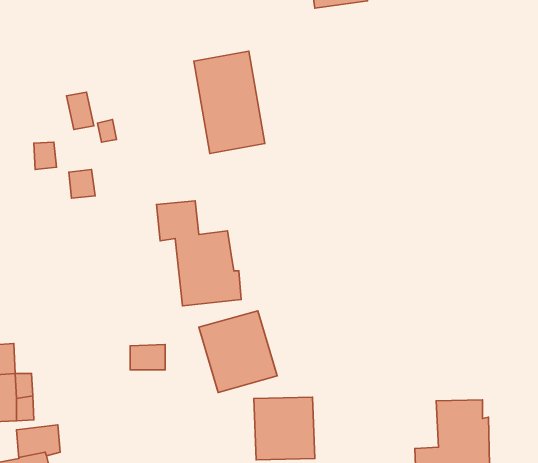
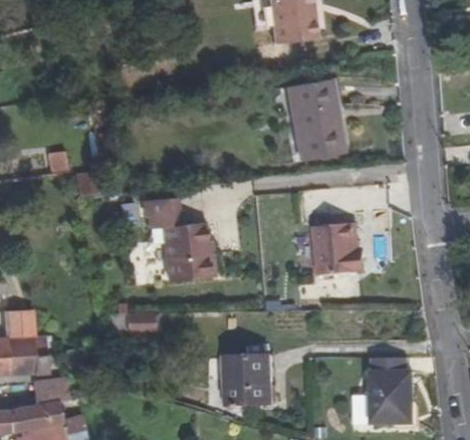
building: [194,51,265,154] -> [285,79,342,162]
building: none -> [313,223,360,276]
building: [199,311,277,392] -> none

